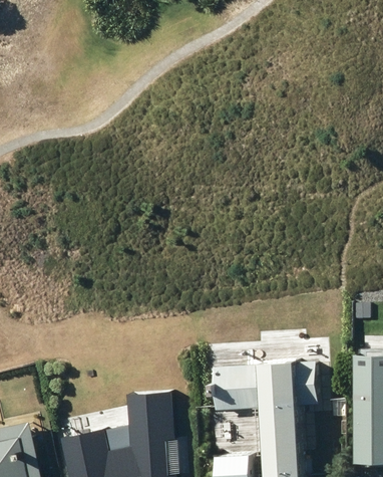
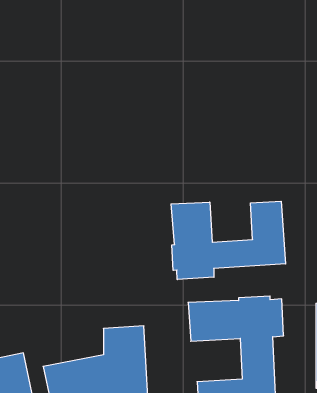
building: none -> [171,201,286,280]

